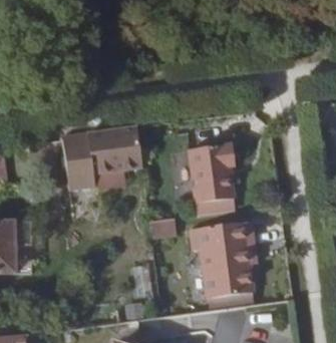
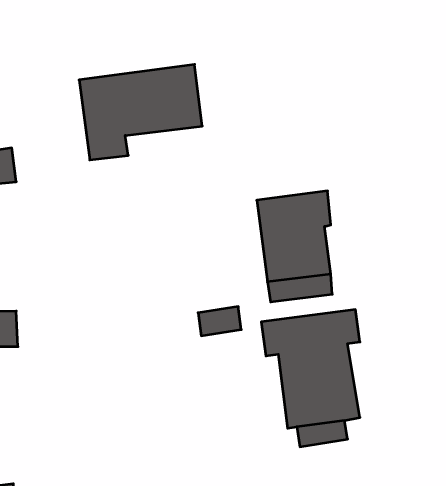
building: [62,127,142,190] -> [79,64,202,160]

